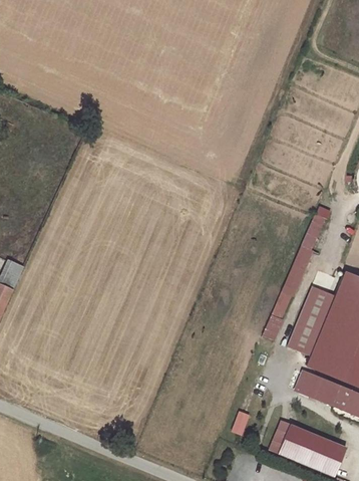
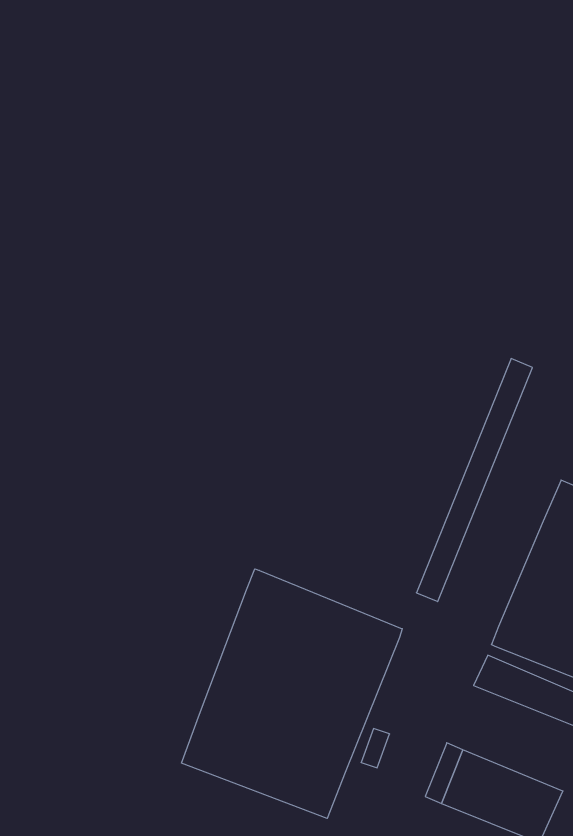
building: [288,286,334,354] -> none
building: none -> [182,569,402,818]

